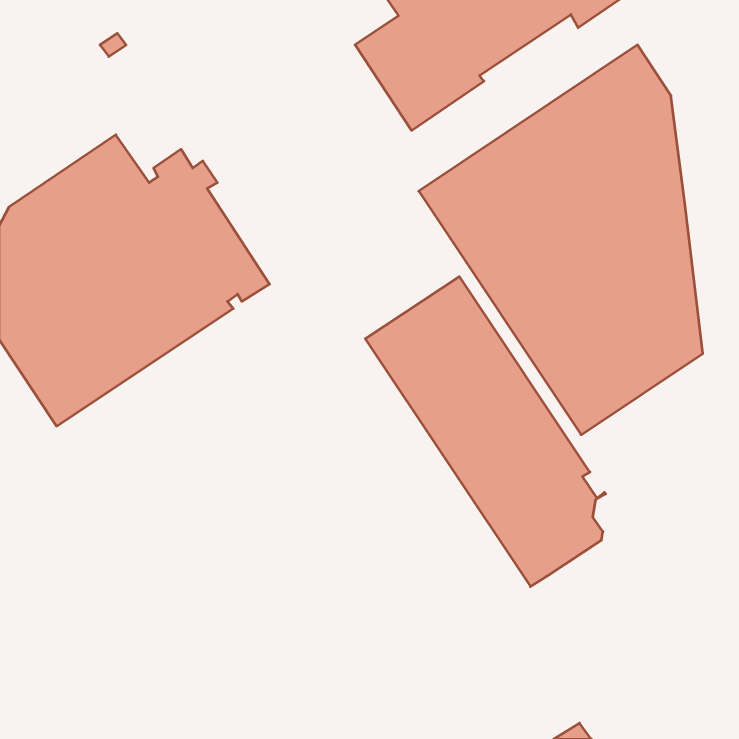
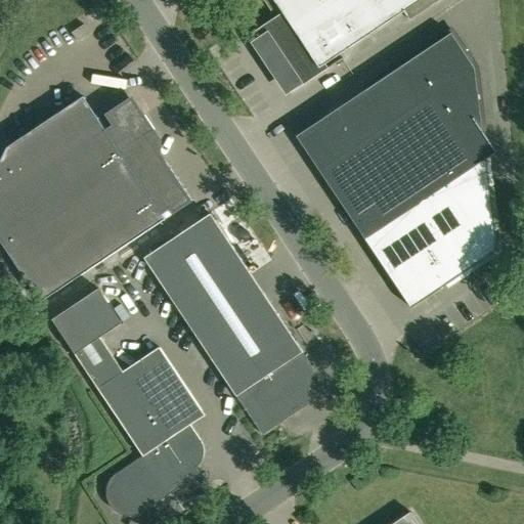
building: [365,277,606,587] -> [143,213,313,432]
building: none -> [51,288,204,515]

